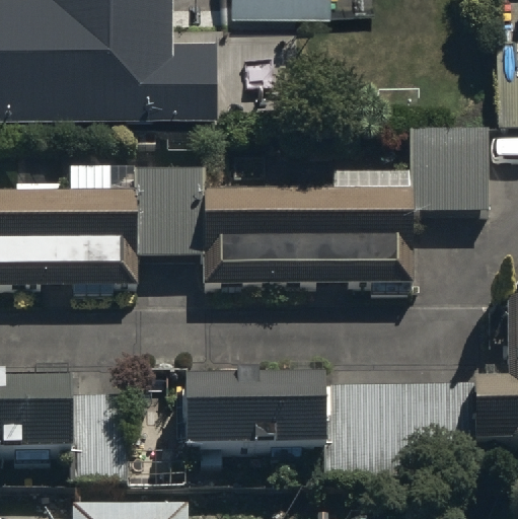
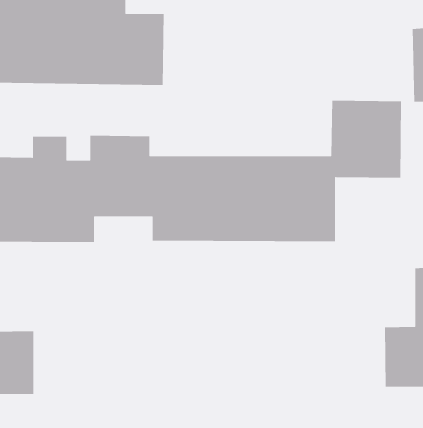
building: [189,385,326,459] -> none

